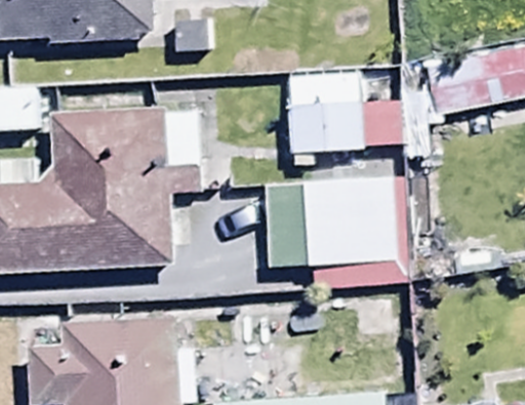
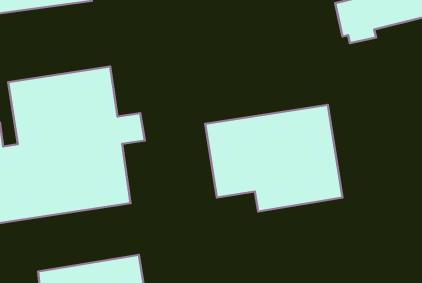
building: [288,70,402,152] -> none

